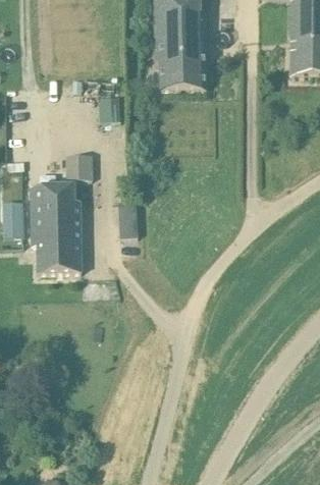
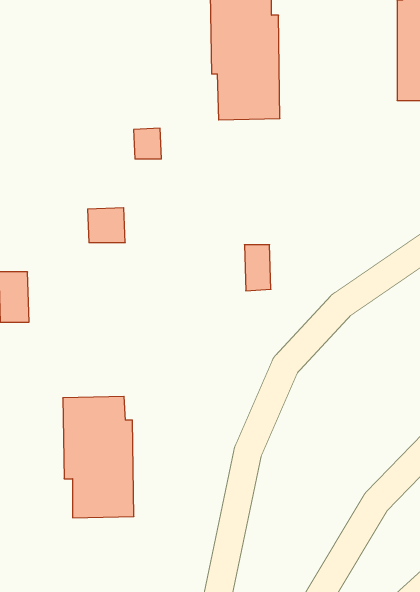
building: [30,184,82,273] -> [63,396,134,518]
building: [118,203,138,236] -> [244,245,271,291]

